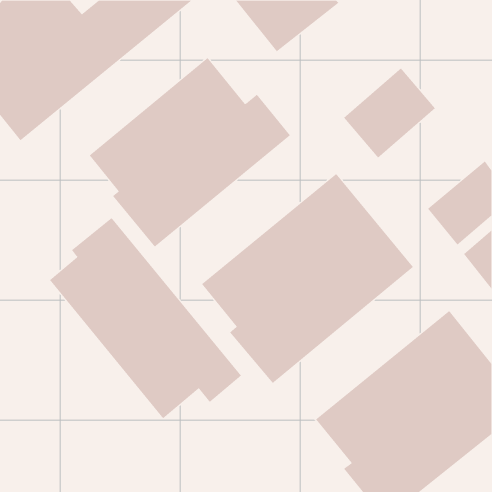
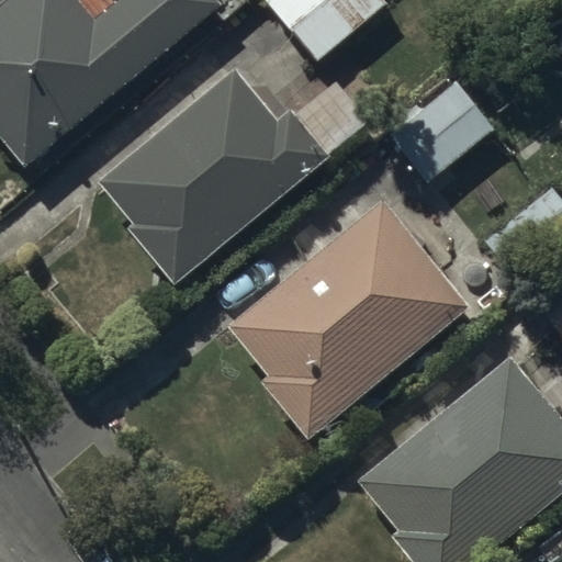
building: [49,217,242,419] -> none

